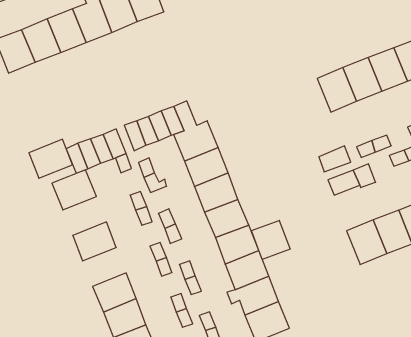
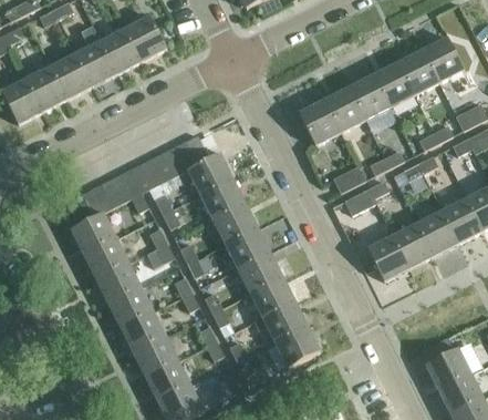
building: none -> [299,100,341,144]
building: [29,139,72,178] -> [84,237,128,278]
building: [251,220,290,259] -> none
building: none -> [108,286,153,327]

